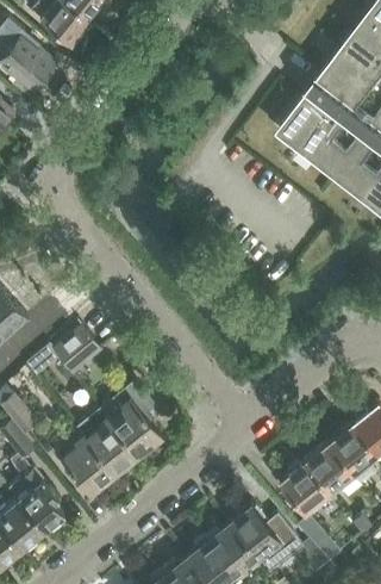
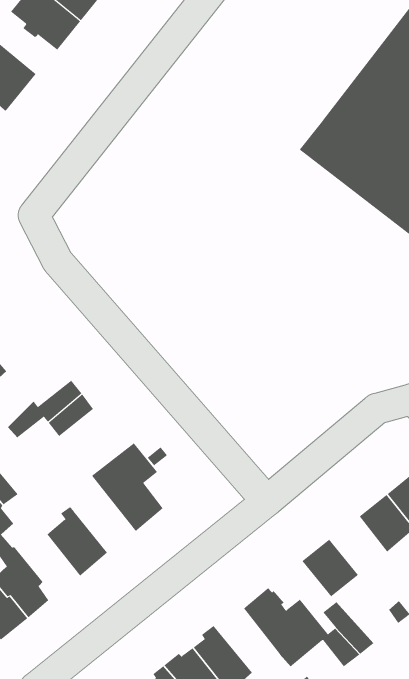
building: [76,409,137,474] -> none
building: [302,443,351,493] -> none
building: [204,522,260,577] -> none

